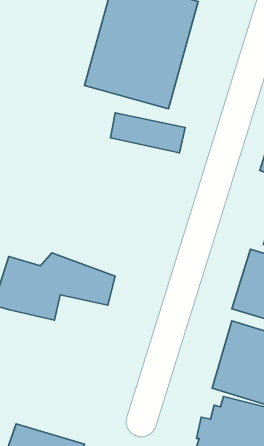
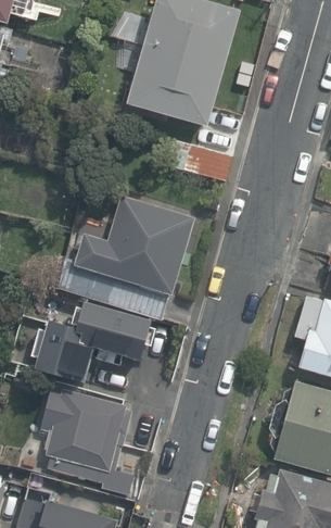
building: none -> [71,193,195,299]
building: none -> [27,379,128,486]

